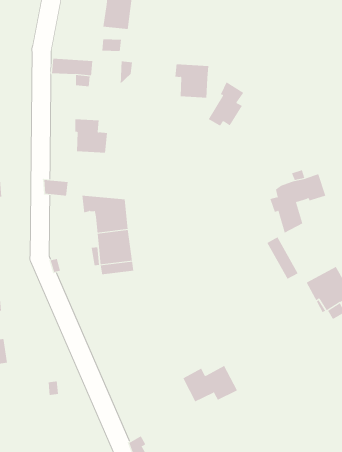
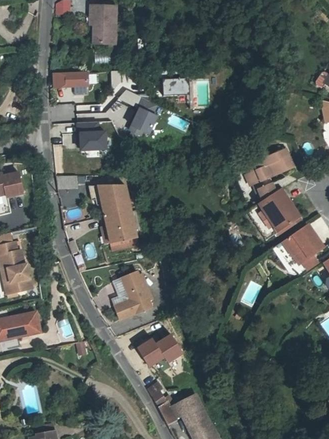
building: [208,81,244,126] -> [129,96,157,134]
building: none -> [260,188,300,231]
building: none -> [112,271,152,319]
building: [183,365,238,402] -> [137,333,184,366]

